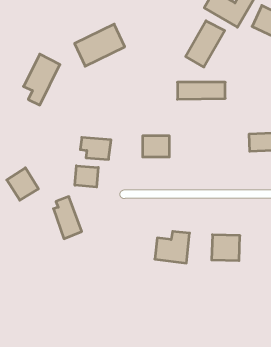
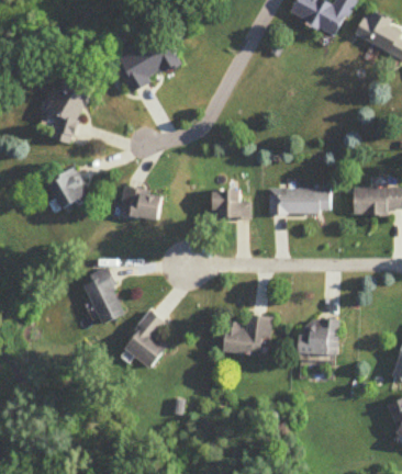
building: [186,21,225,67] -> none
building: [177,82,225,99] -> [264,184,328,207]
building: [75,166,98,187] -> none
building: [7,168,38,200] -> [48,169,91,213]
building: none -> [122,312,167,370]

